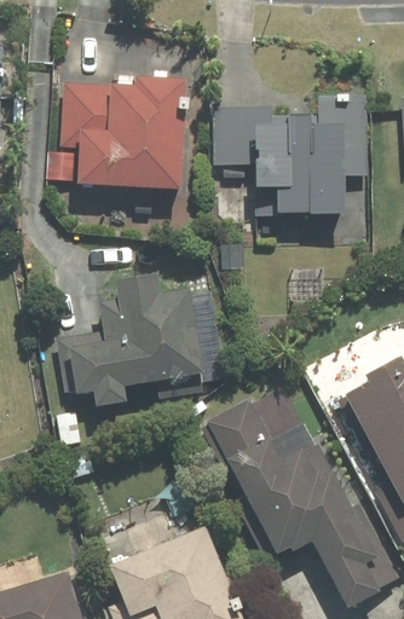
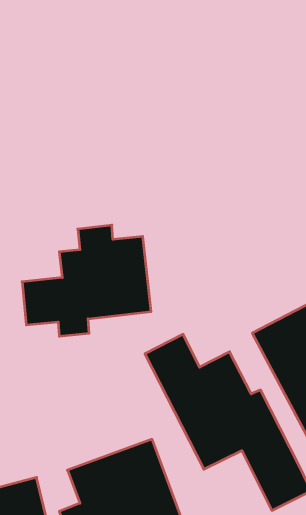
building: [40,74,189,190] -> none
building: [212,97,365,242] -> none

